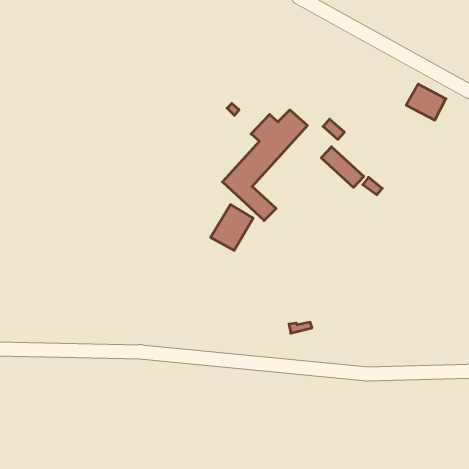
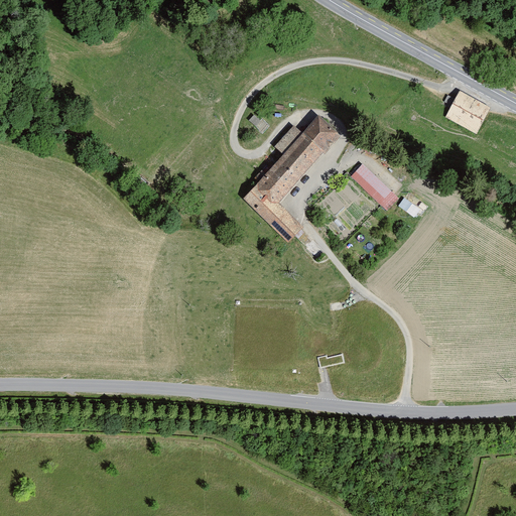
building: [211,205,253,250] -> none

